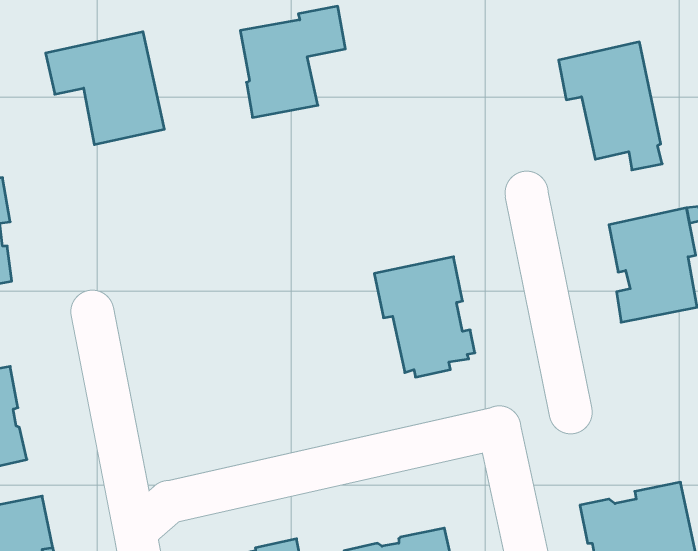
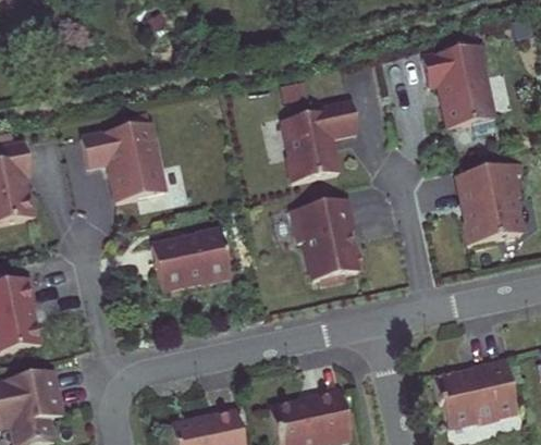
building: [240,6,345,117] -> [282,100,357,180]
building: [46,32,164,145] -> [81,121,165,201]
building: none -> [151,226,231,288]

